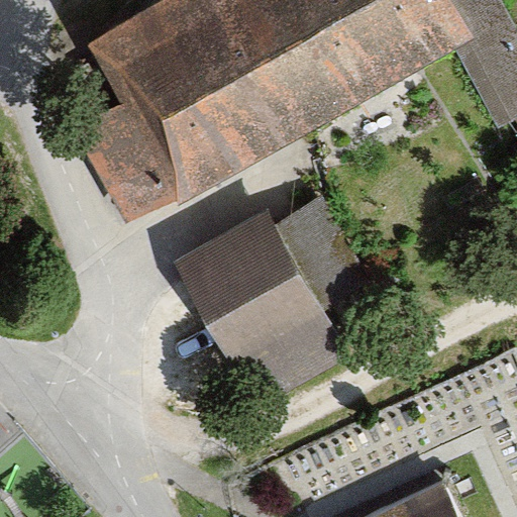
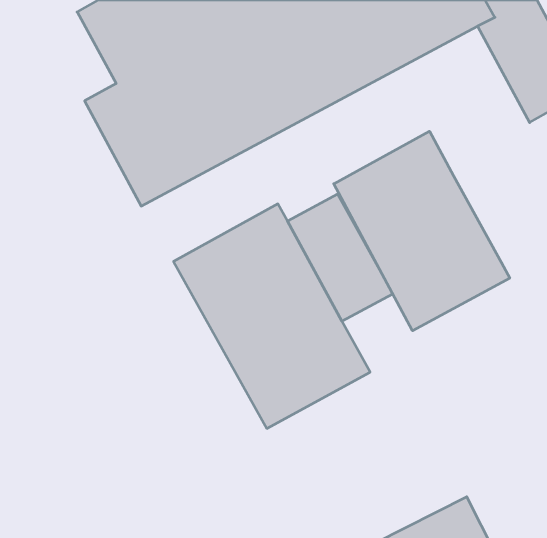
building: none -> [334,131,510,331]

